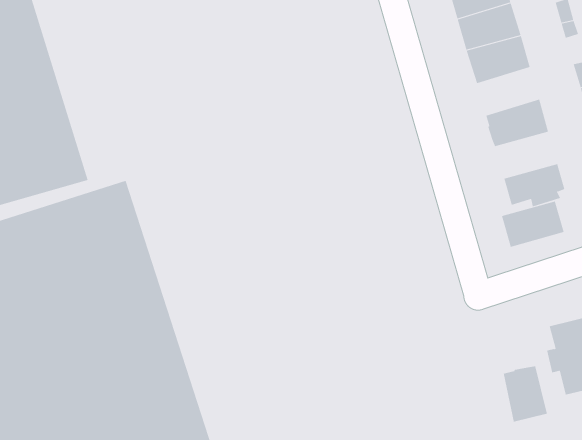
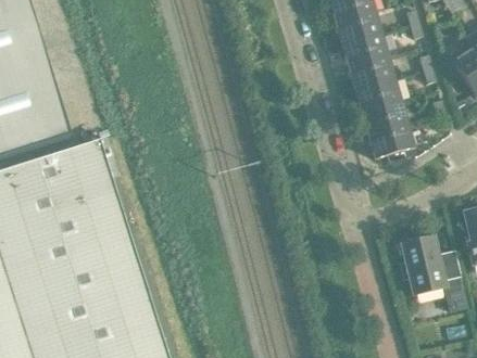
building: none -> [350,57,396,92]
building: [501,201,564,247] -> [363,104,409,138]
building: [503,366,547,423] -> none

